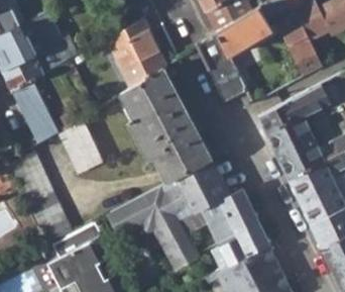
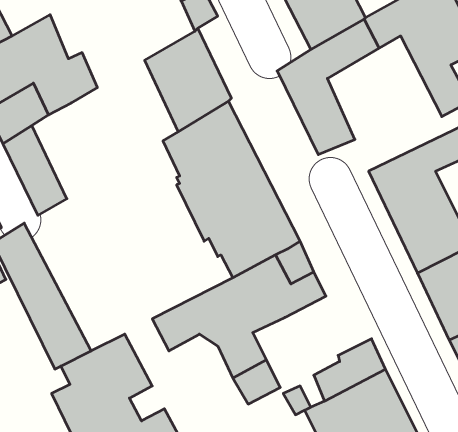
building: [58,121,102,174] -> none
building: [201,191,258,246] -> none

